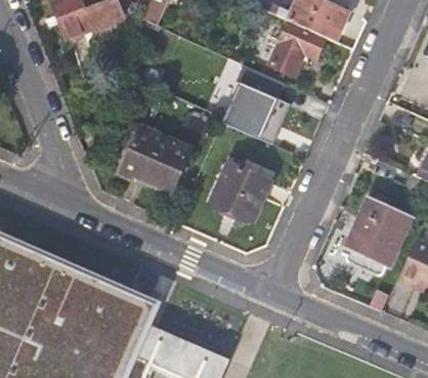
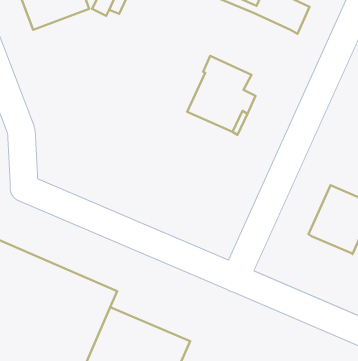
building: [269,19,328,76] -> none
building: [113,126,190,196] -> none
building: [210,158,274,221] -> none

